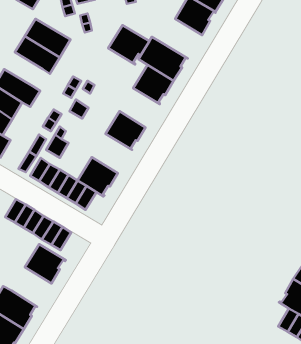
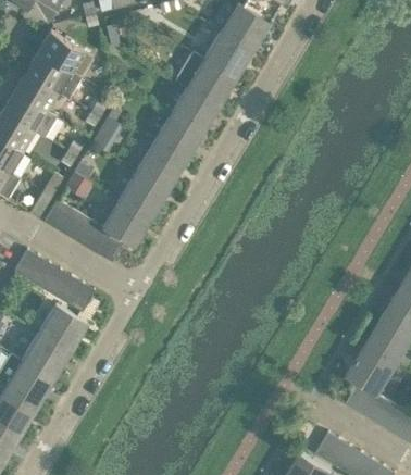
building: [108,25,149,64] -> [202,32,252,79]
building: none -> [12,72,59,113]
building: none -> [152,115,201,163]
building: none -> [119,171,167,218]
building: none -> [21,333,70,380]

